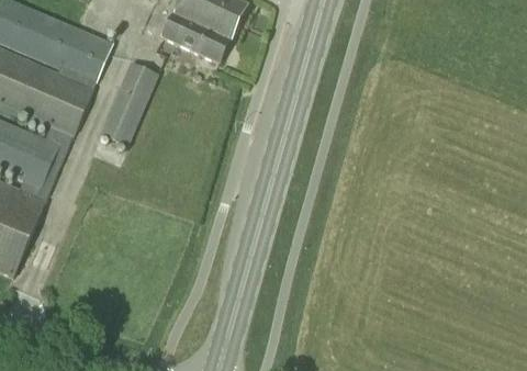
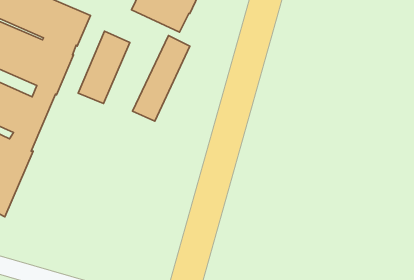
building: none -> [133,36,190,121]

